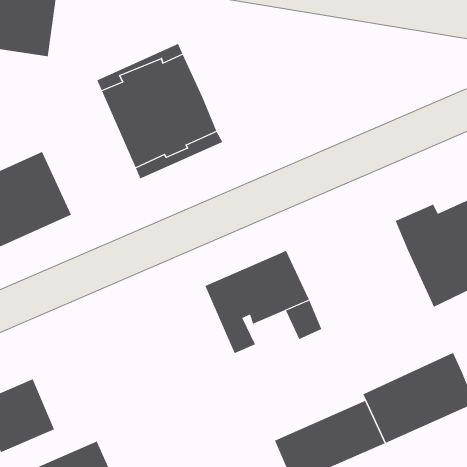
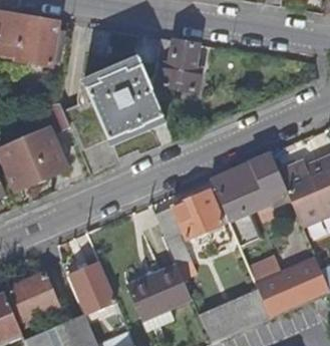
building: none -> [154,37,201,90]
building: none -> [211,152,286,245]
building: none -> [68,262,116,314]
building: none -> [128,264,192,318]

